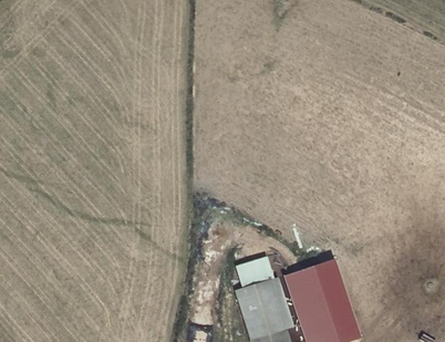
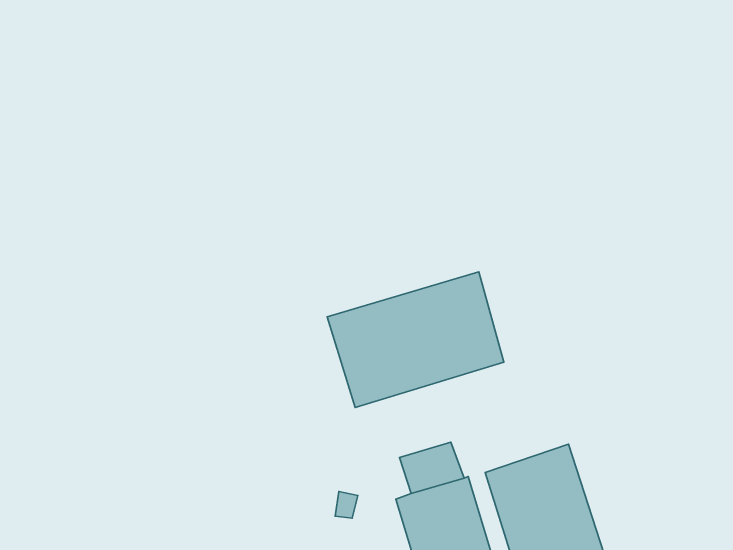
building: none -> [327,272,504,408]

